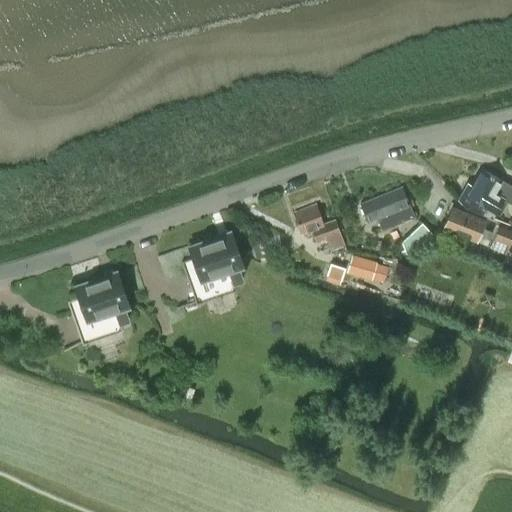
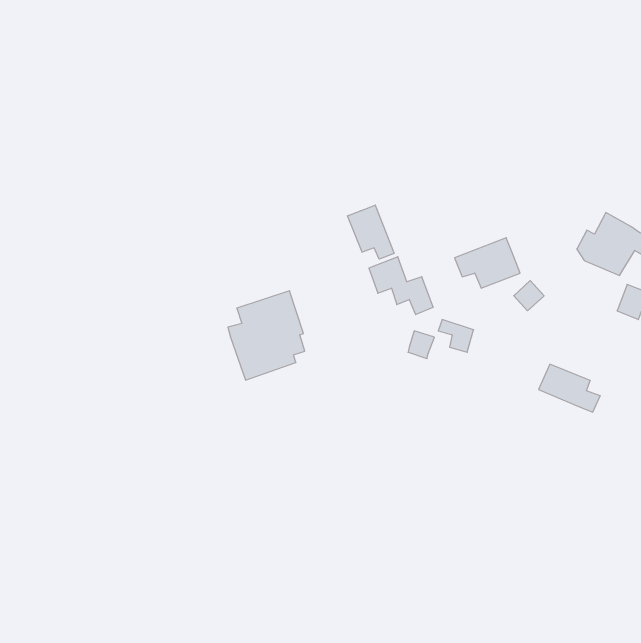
building: none -> [348,205,394,259]
building: [445,207,494,245] -> [539,364,600,412]
building: [69,271,130,342] -> none

